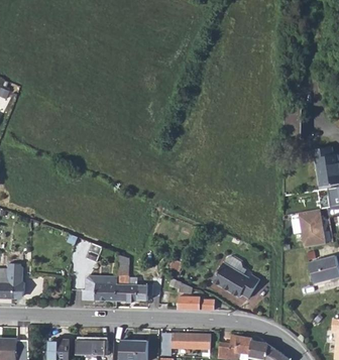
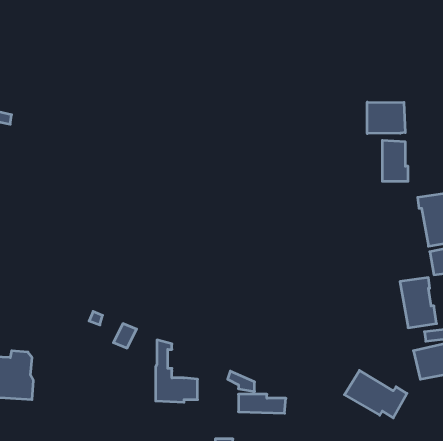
building: none -> [367,102,405,134]
building: [212,262,258,297] -> [344,370,407,418]
building: [81,274,116,301] -> none

